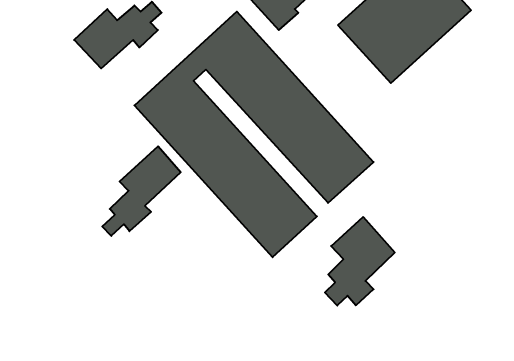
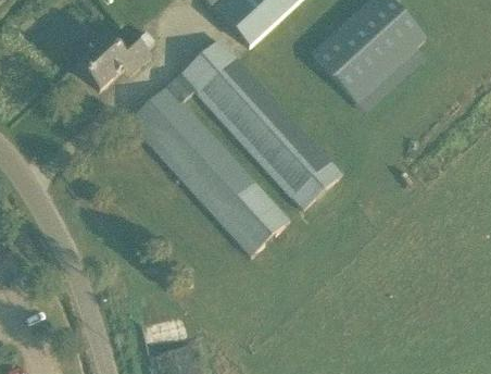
building: [102,146,181,236] -> none
building: [325,217,395,306] -> none

